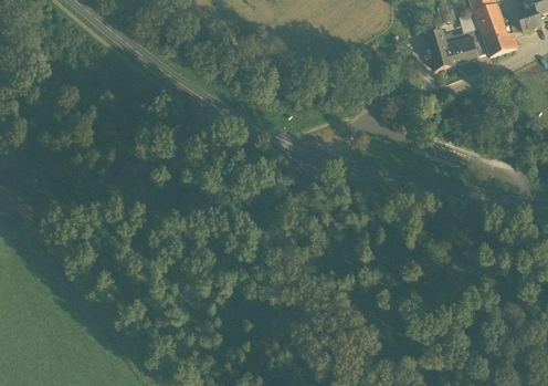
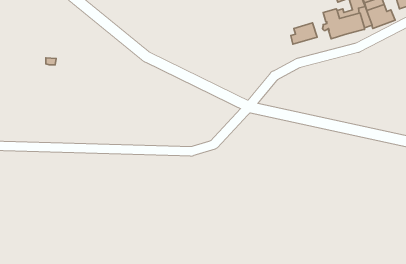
building: none -> [291,23,317,44]

